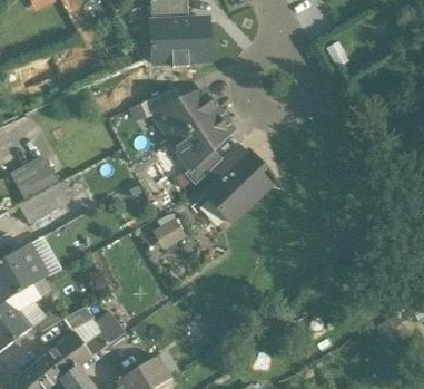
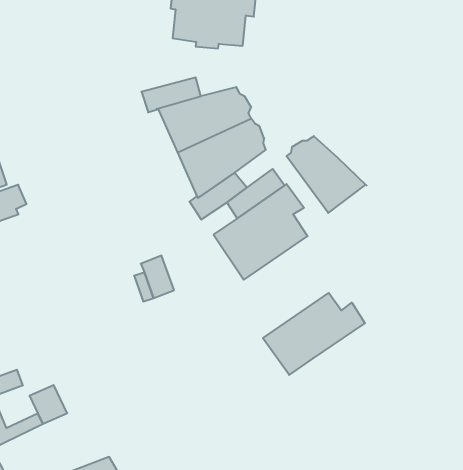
building: none -> [287,136,367,213]
building: none -> [263,293,365,375]

